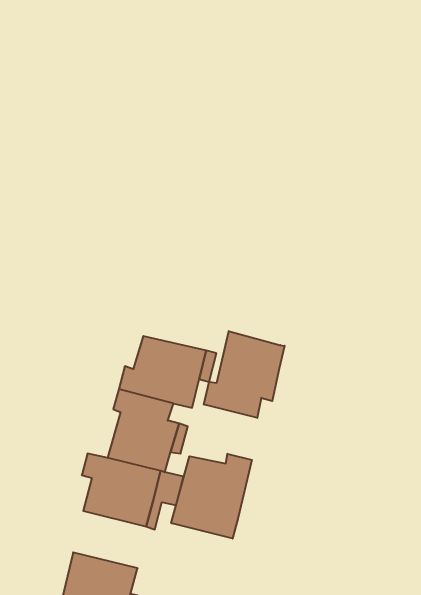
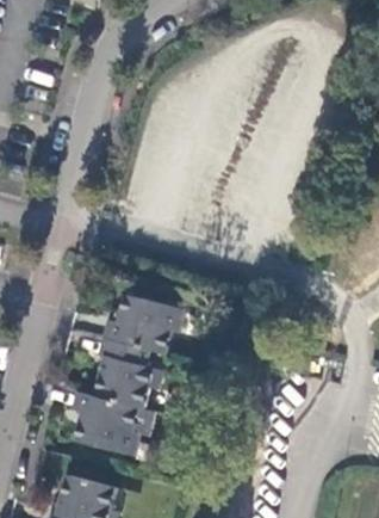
building: [204,331,285,418] -> none
building: [171,454,252,539] -> none

